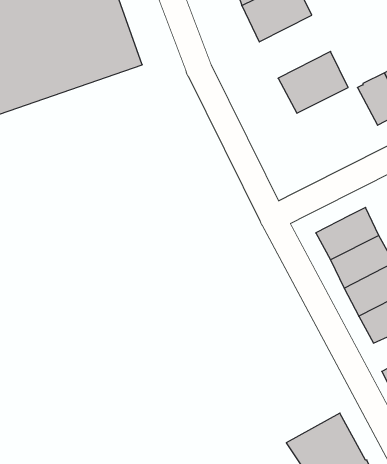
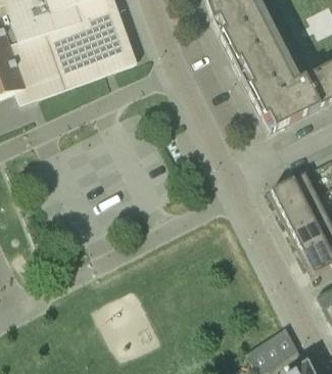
building: none -> [226,26,280,74]
building: none -> [254,81,316,133]

